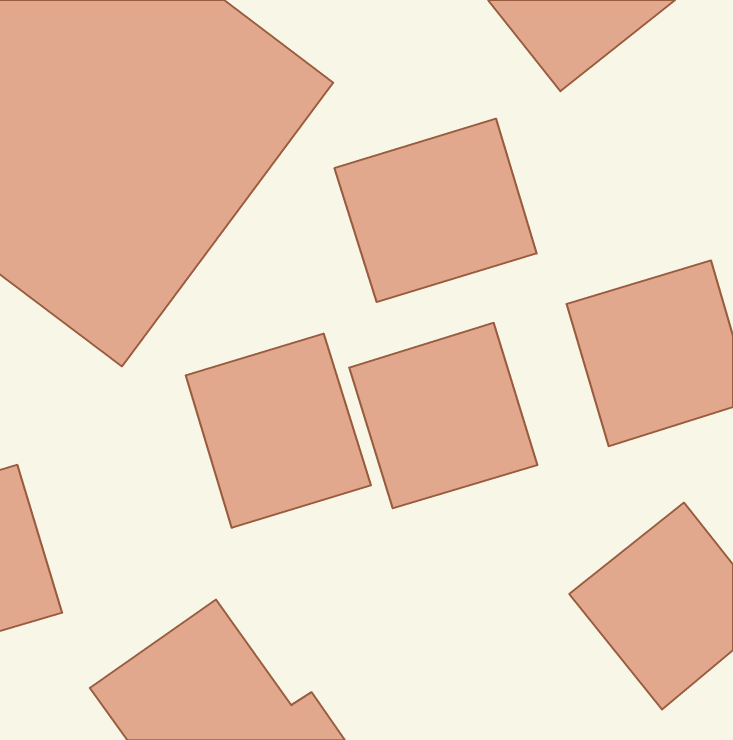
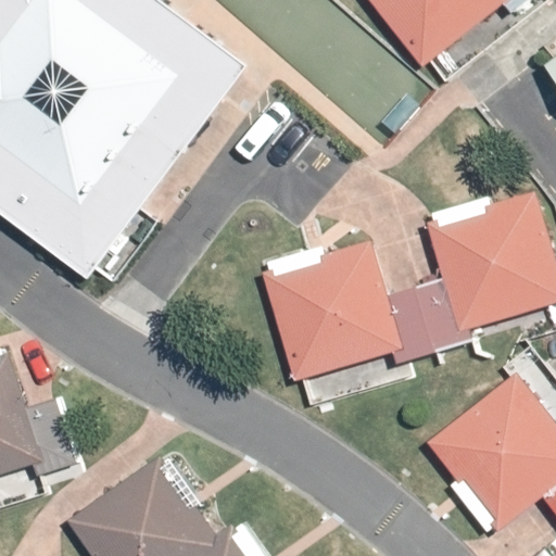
building: [335,119,537,302] -> none
building: [186,334,371,528] -> none

